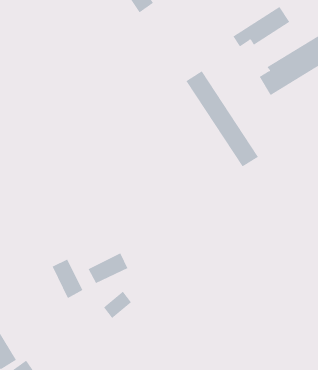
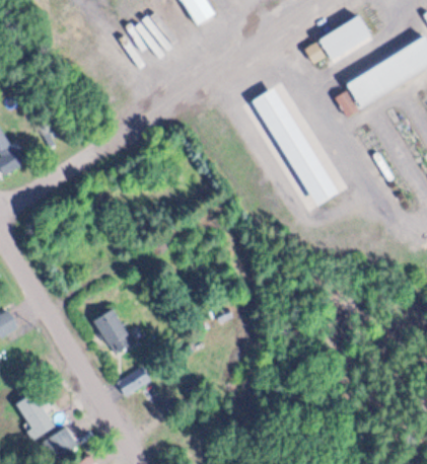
building: [88,252,128,284] -> none
building: [103,291,132,319] -> [119,363,152,395]

